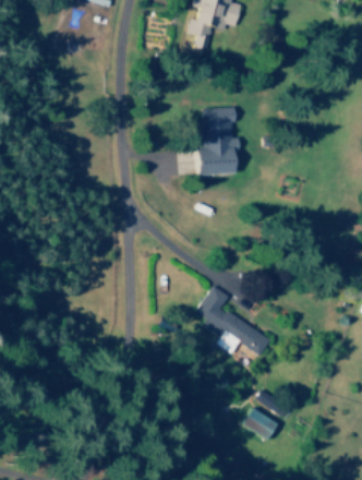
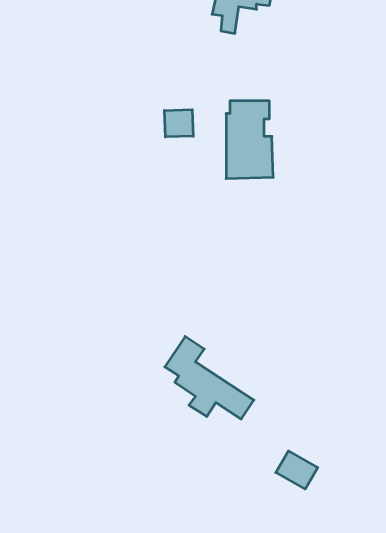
building: none -> [164,110,193,137]
building: [194,285,270,356] -> [165,336,254,419]

